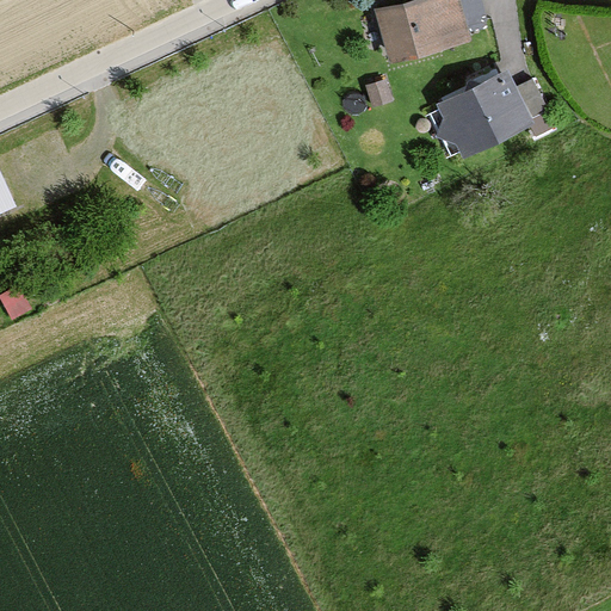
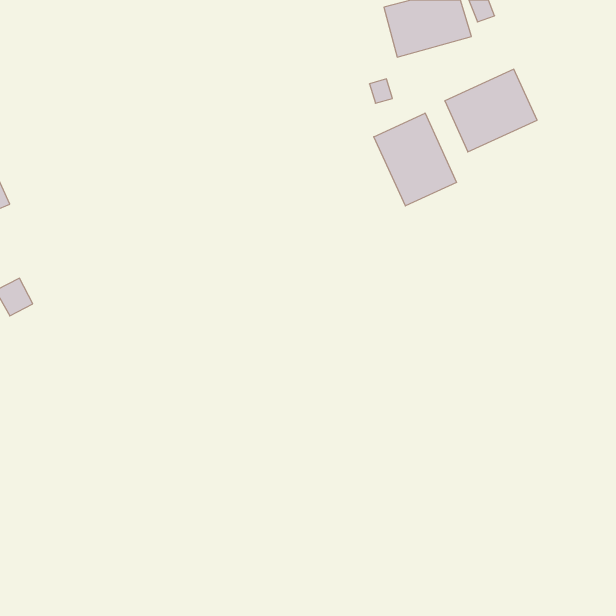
building: none -> [374,113,457,206]

